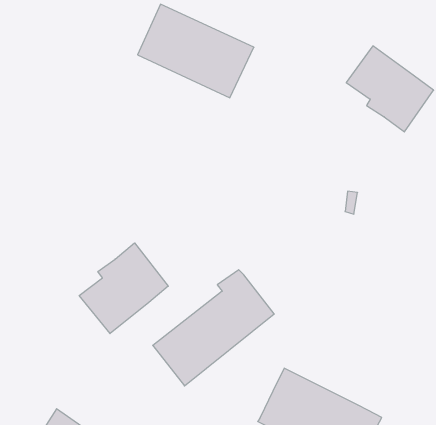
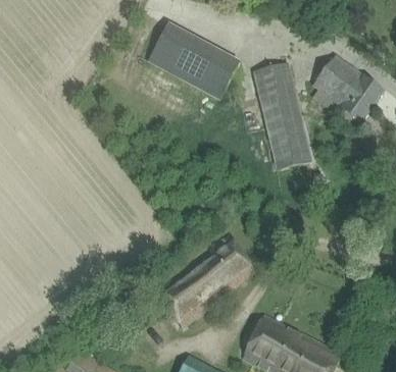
building: none -> [252,62,312,171]
building: [79,243,168,334] -> none

